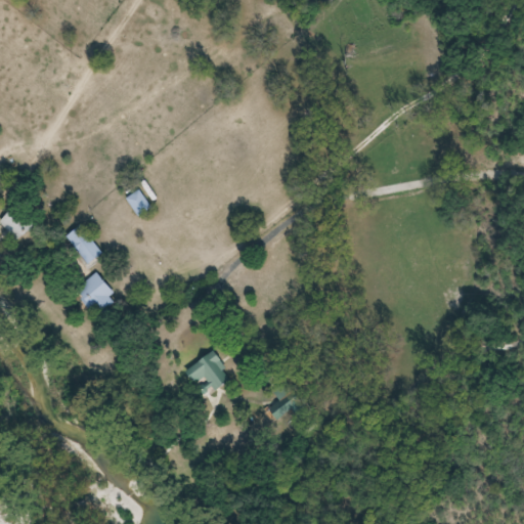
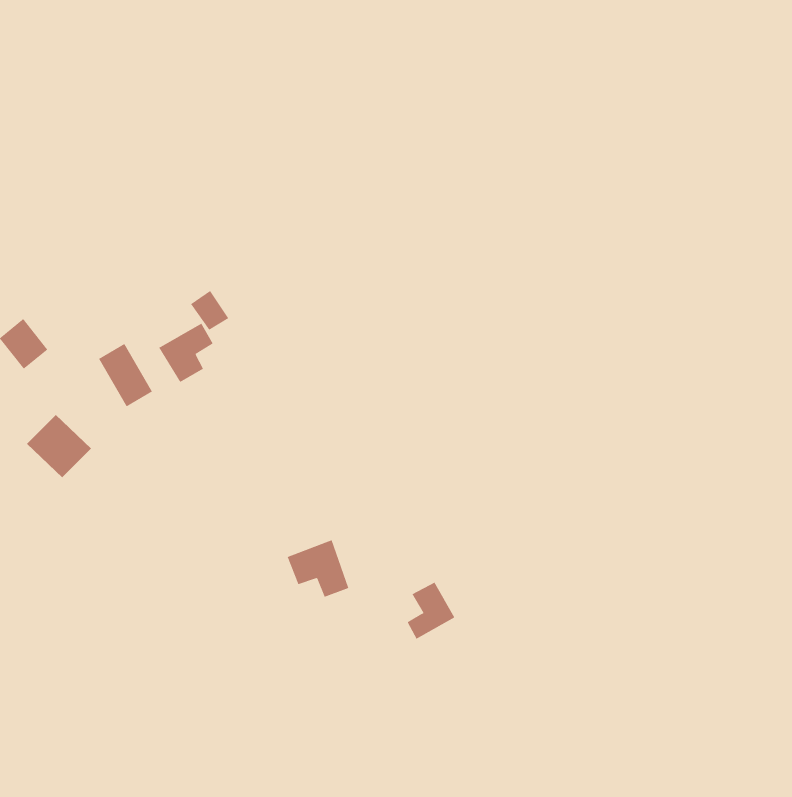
building: none -> [159,323,213,383]
building: [74,272,117,314] -> [26,414,92,478]

